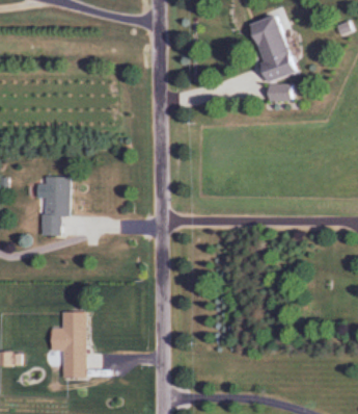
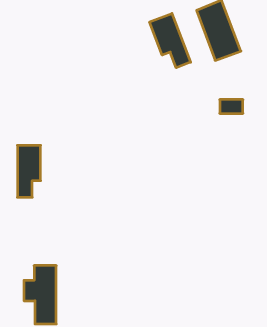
building: none -> [150,13,191,68]
building: [267,84,293,100] -> [220,100,243,113]

